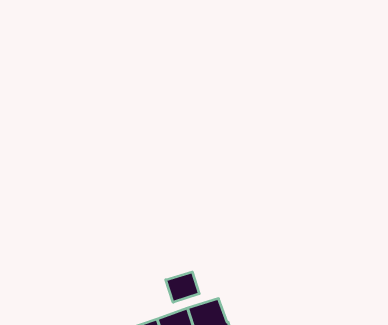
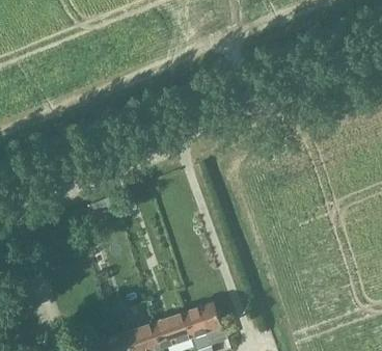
building: [166,272,199,302] -> none

